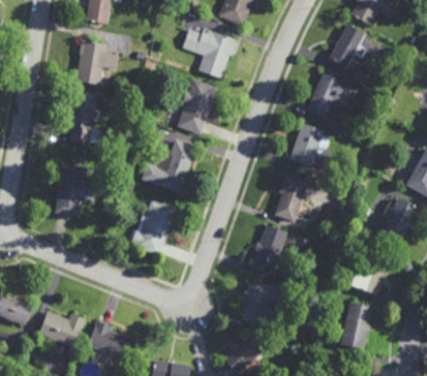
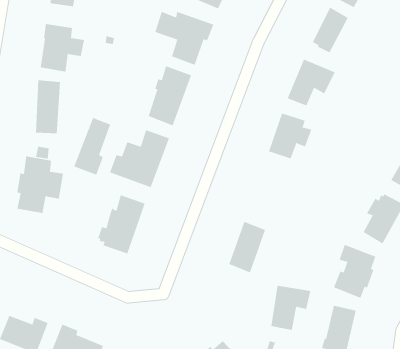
building: none -> [73,117,111,176]
building: [274,173,309,222] -> none
building: [241,282,279,324] -> [270,285,311,331]

